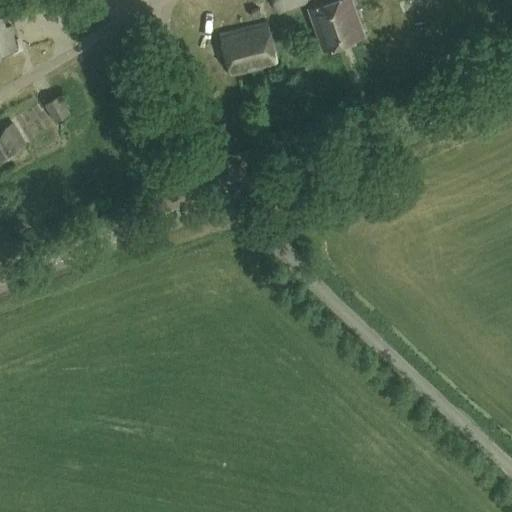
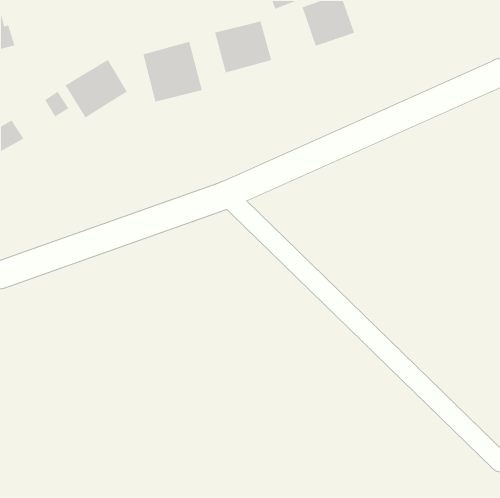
building: none -> [142,41,203,102]
building: none -> [65,59,128,119]

